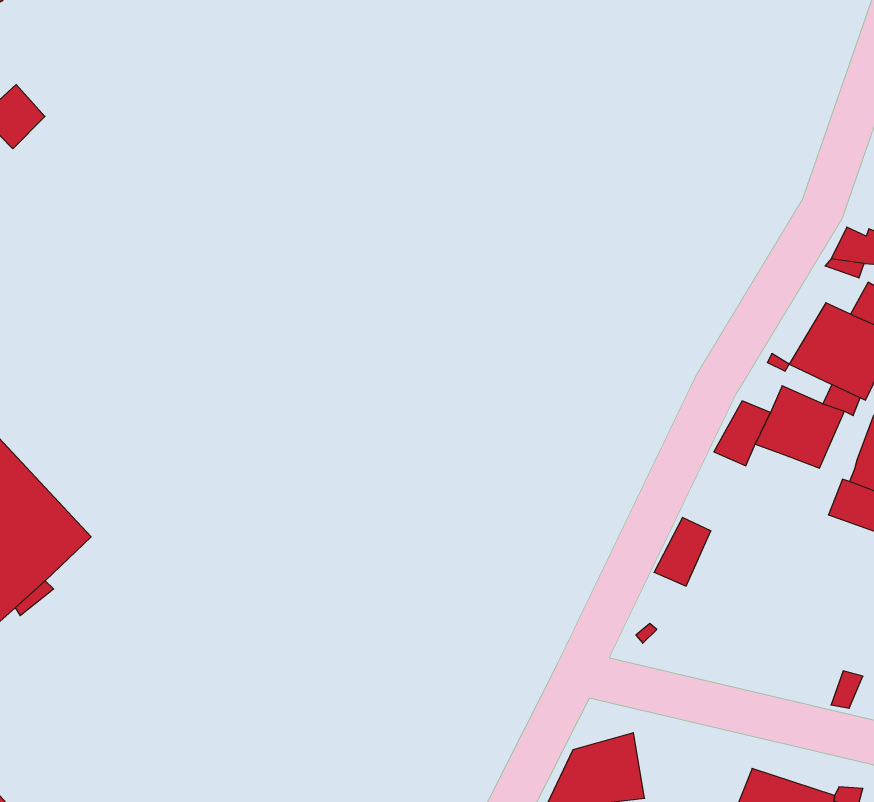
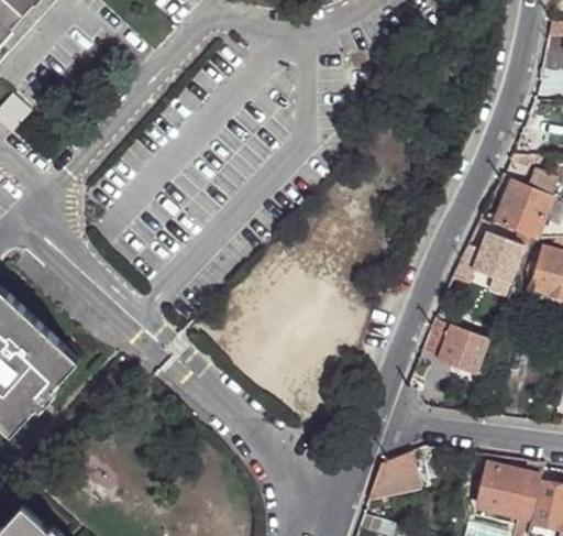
building: none -> [439,326,490,374]

